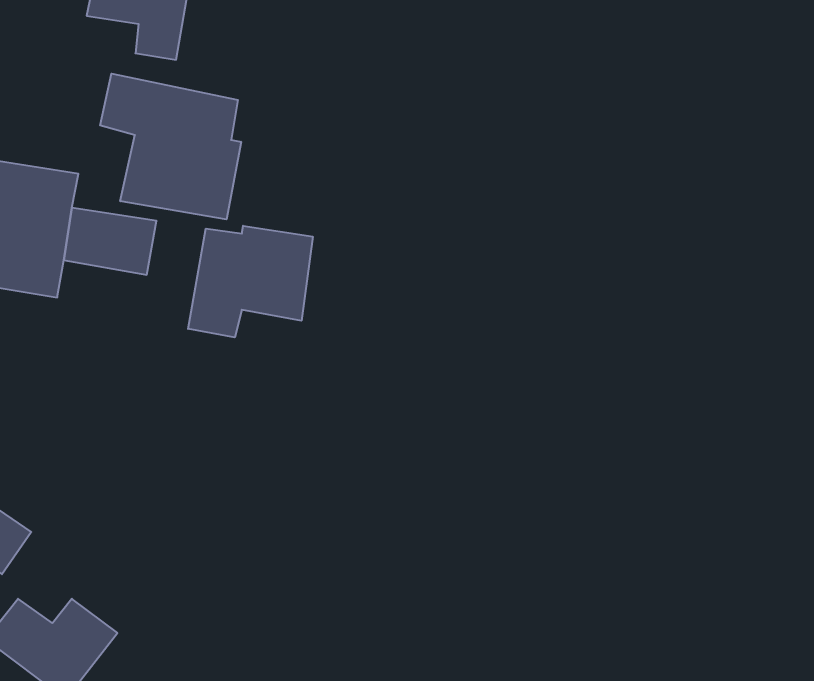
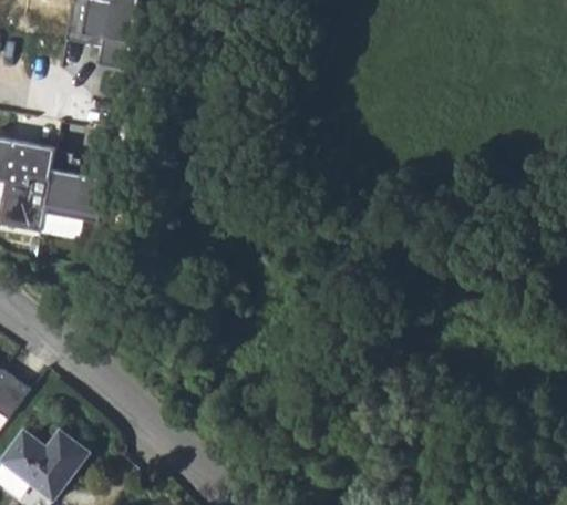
building: [100,74,241,219] -> none
building: [188,226,313,337] -> none

